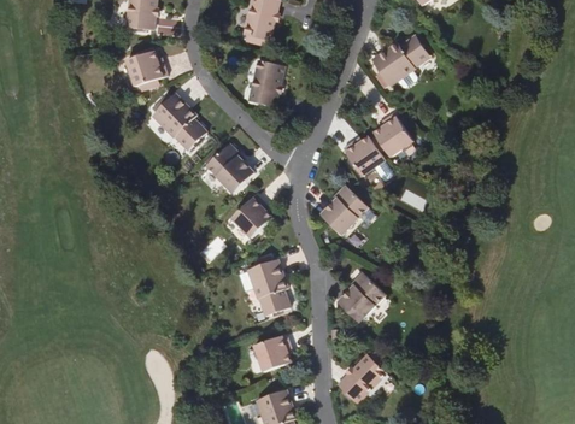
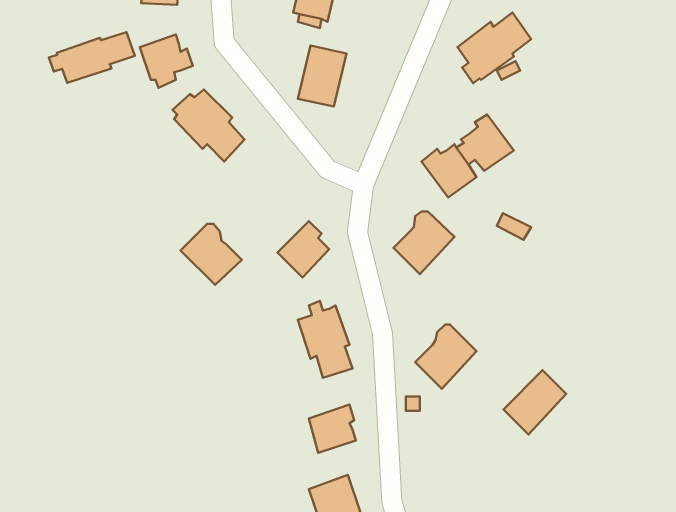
building: none -> [49,32,135,83]
building: [206,145,253,192] -> [181,224,242,285]
building: [336,354,385,404] -> [503,370,566,434]

